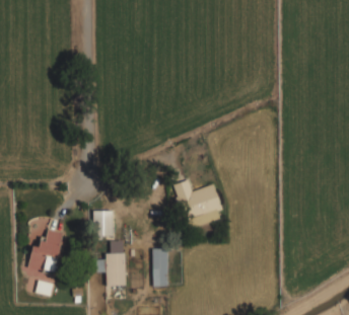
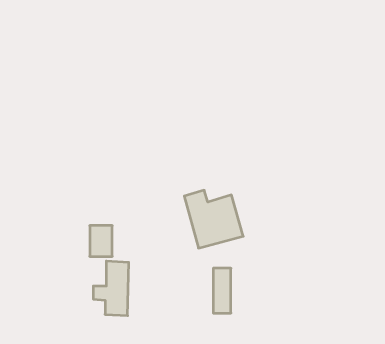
building: [28,230,62,272] -> none
building: [152,248,167,287] -> [213,268,231,313]

